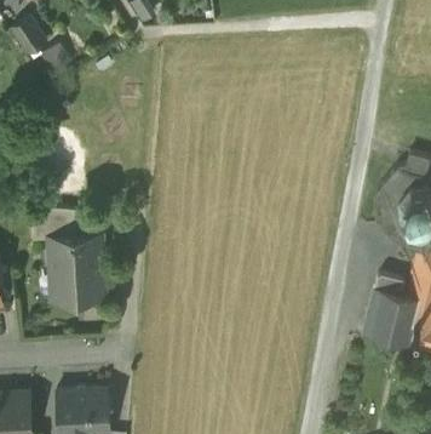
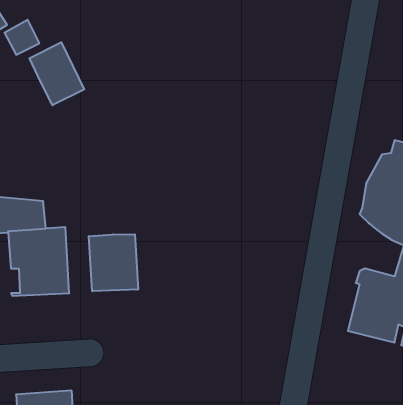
building: none -> [30,42,84,105]
building: none -> [89,234,138,291]

